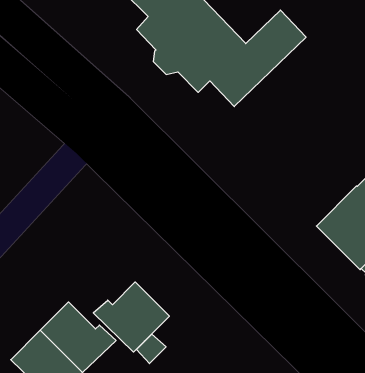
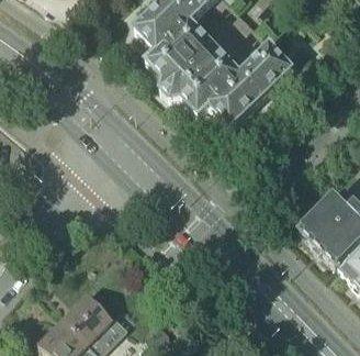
building: [93,282,169,352] -> none

